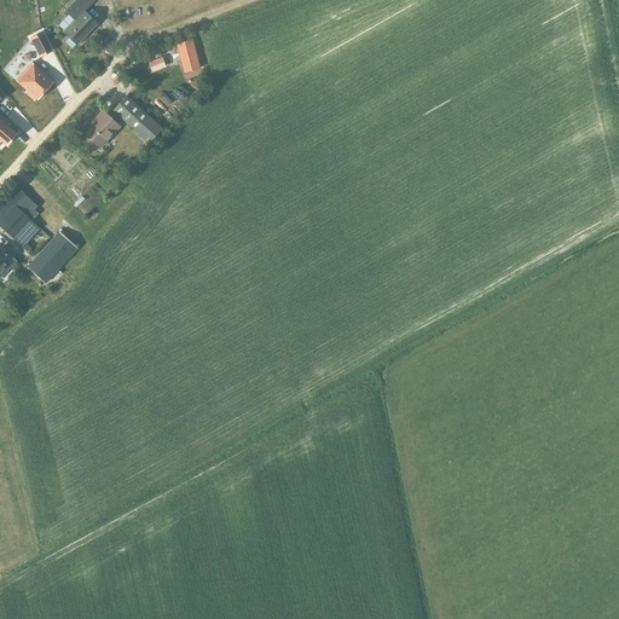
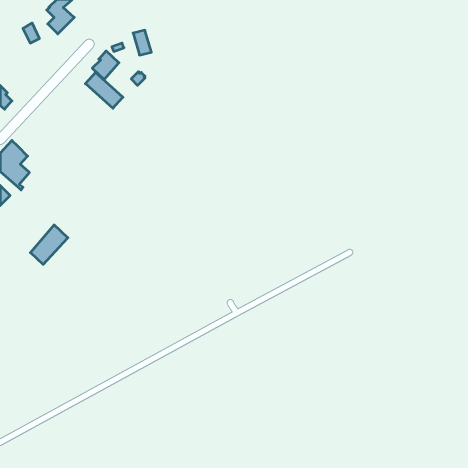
building: [17,62,54,100] -> none
building: [86,110,121,147] -> [92,51,119,79]
building: [29,231,79,283] -> [30,225,68,264]

